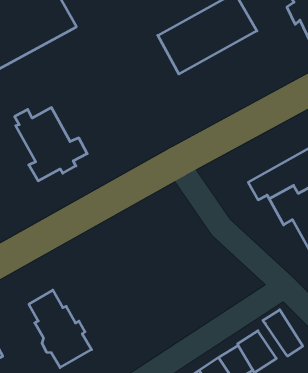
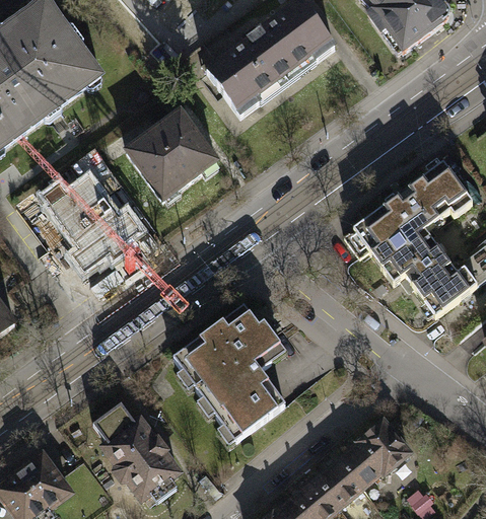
building: none -> [126,105,223,201]
building: none -> [176,305,285,438]
building: [263,310,303,356] -> none

